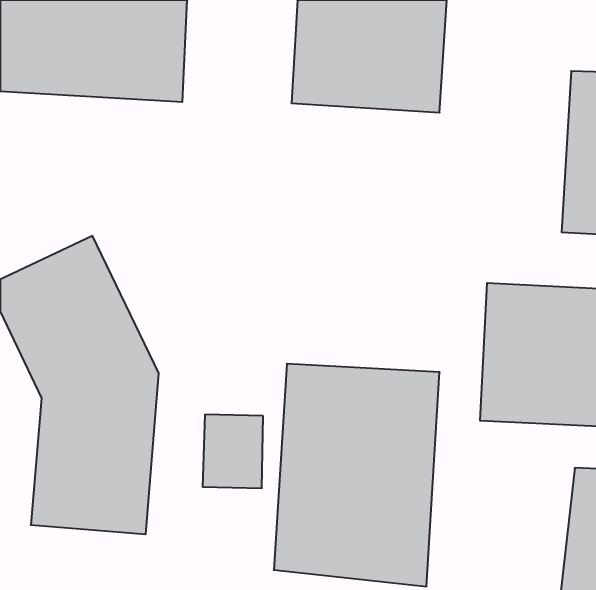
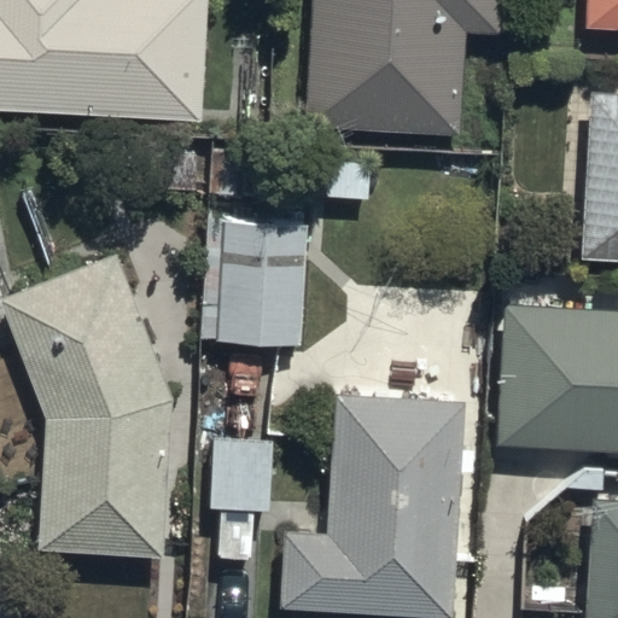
building: none -> [209,228,313,351]

